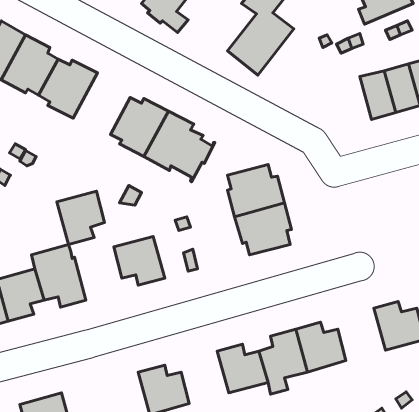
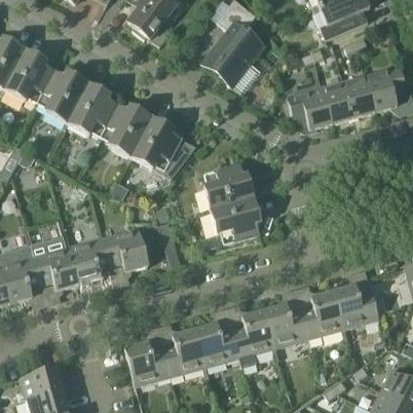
building: none -> [68,82,118,137]
building: none -> [288,85,332,129]
building: [57,191,105,245] -> [69,236,111,284]
building: none -> [302,291,344,337]
building: none -> [163,329,205,375]

